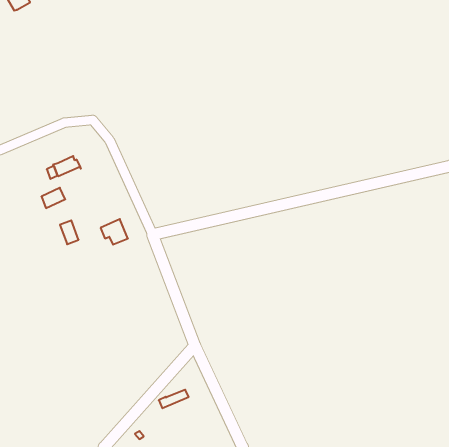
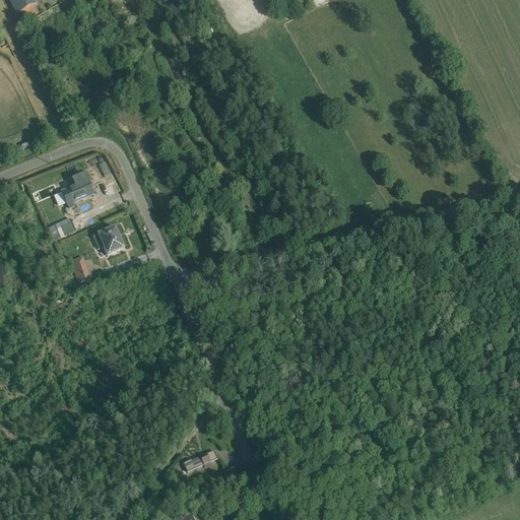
building: [101,219,128,245] -> [94,224,126,254]

